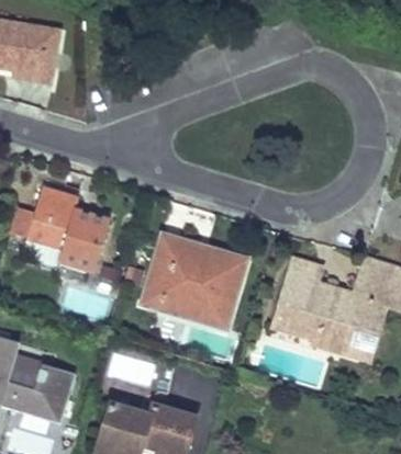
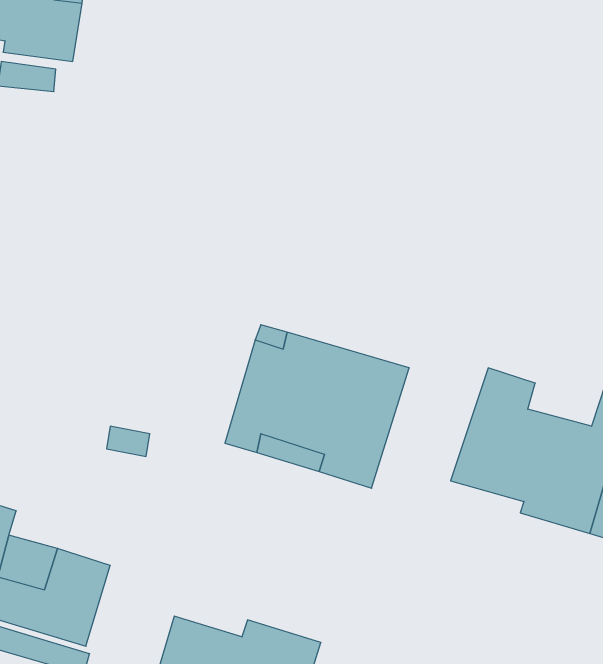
building: [26,185,109,273] -> none

